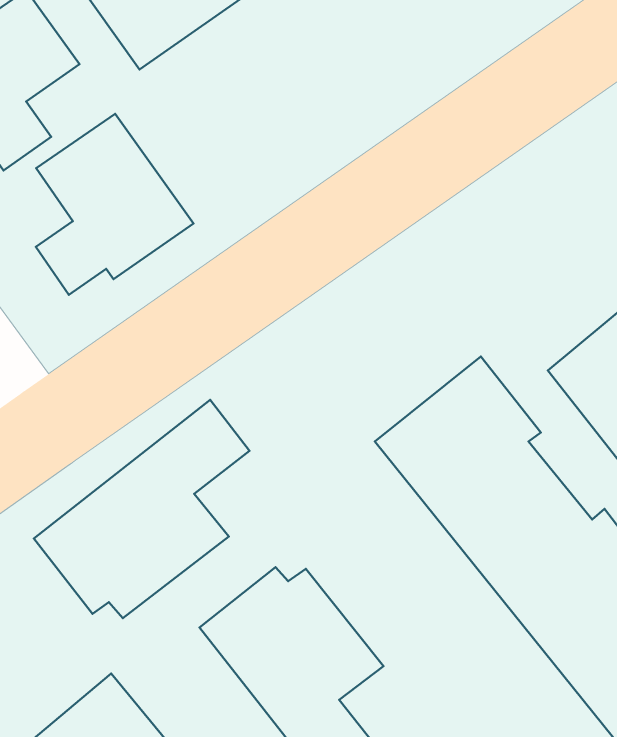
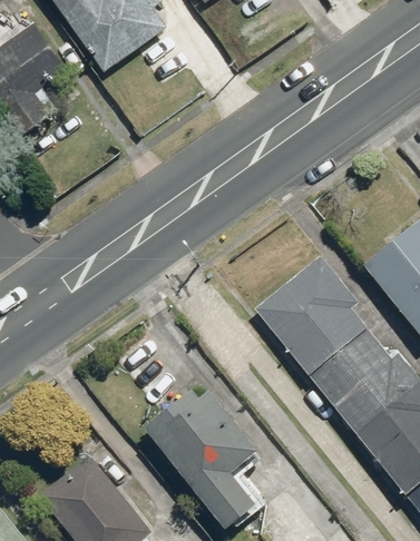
building: [36,114,193,295] -> none
building: [34,400,250,618] -> none

